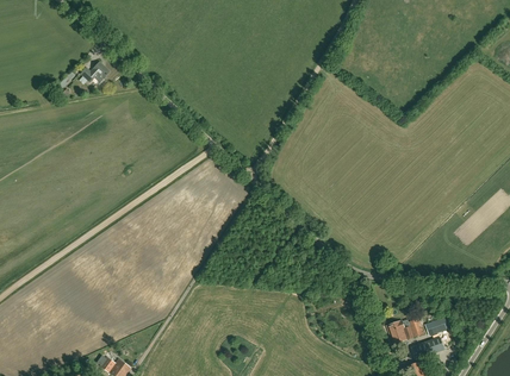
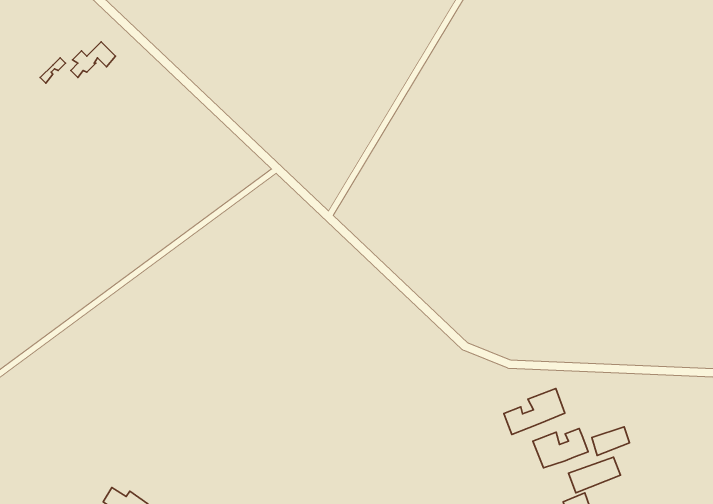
building: none -> [504,389,565,434]

